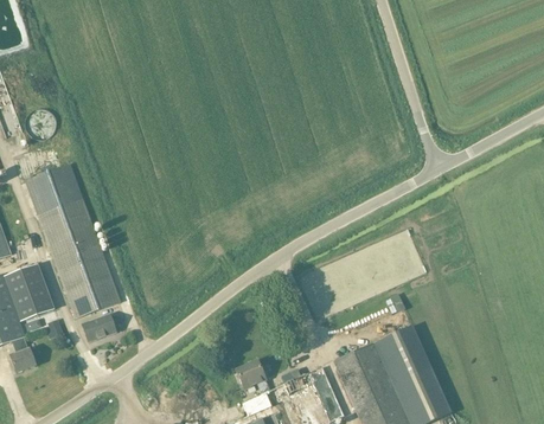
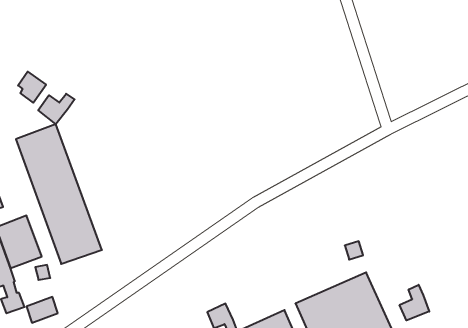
building: none -> [38,94,75,124]
building: [81,314,115,342] -> [27,297,58,323]
building: none -> [400,285,429,320]

